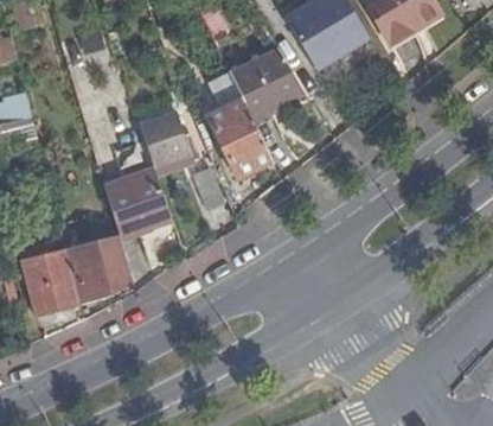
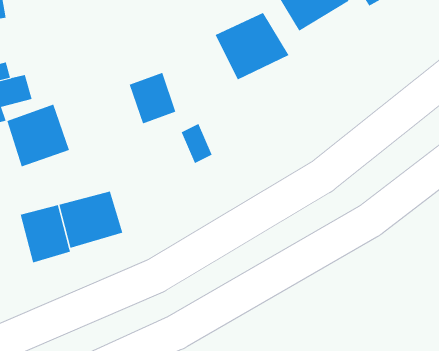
building: [209,100,273,178] -> none
building: [105,171,172,237] -> [6,104,70,167]

